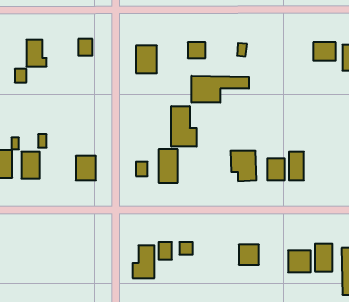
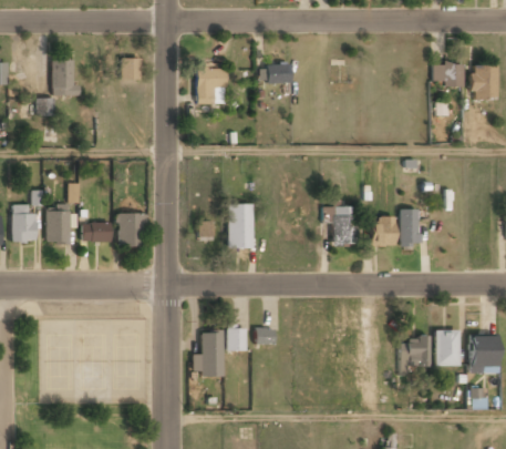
building: [192,76,249,103] -> none
building: [171,106,197,147] -> none
building: none -> [83,223,111,243]

